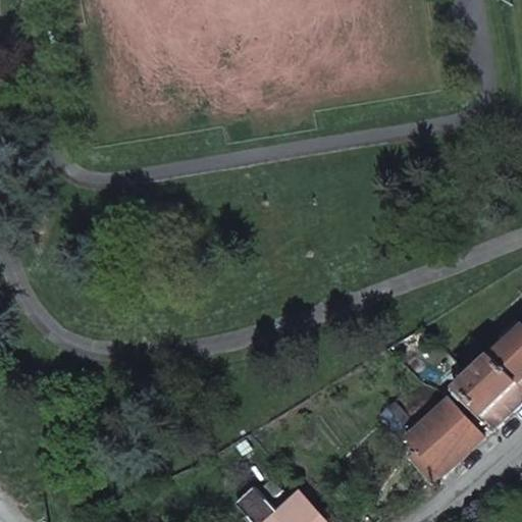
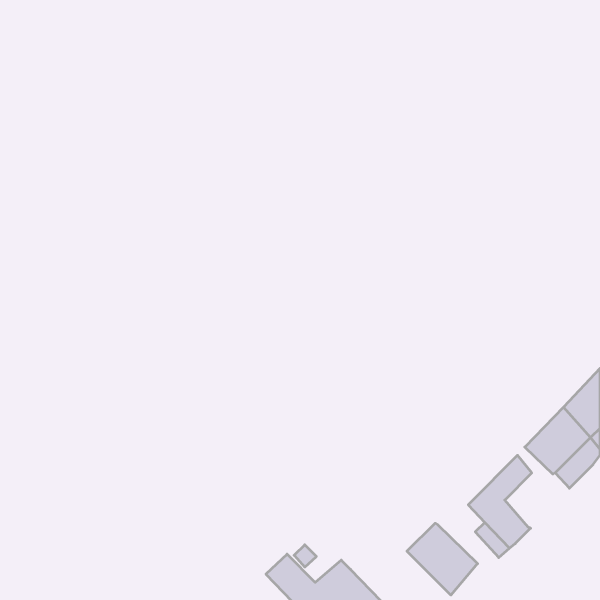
building: [437,411,482,459] -> none
building: none -> [407,523,478,595]

